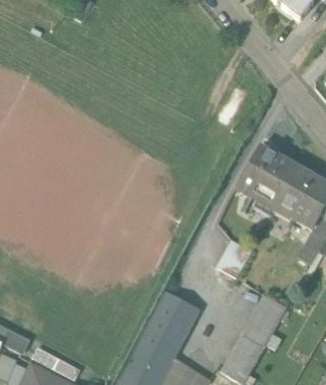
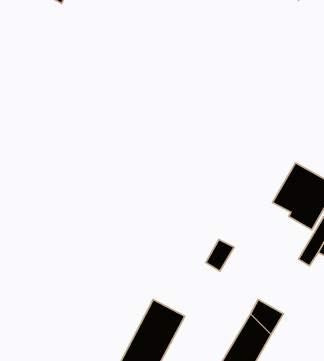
building: [236,145,298,209] -> none

